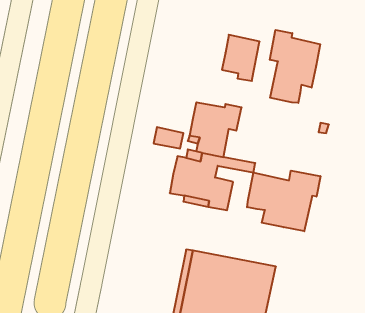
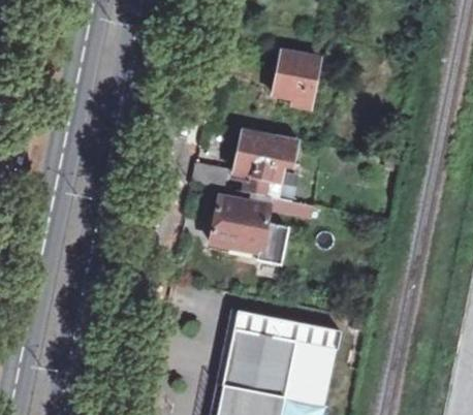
building: [270,30,320,103] -> none
building: [247,171,320,231] -> none

